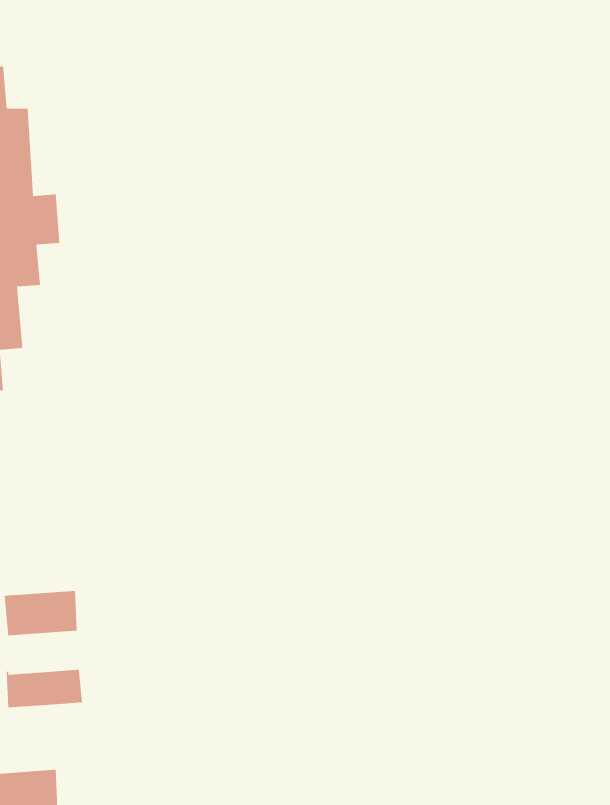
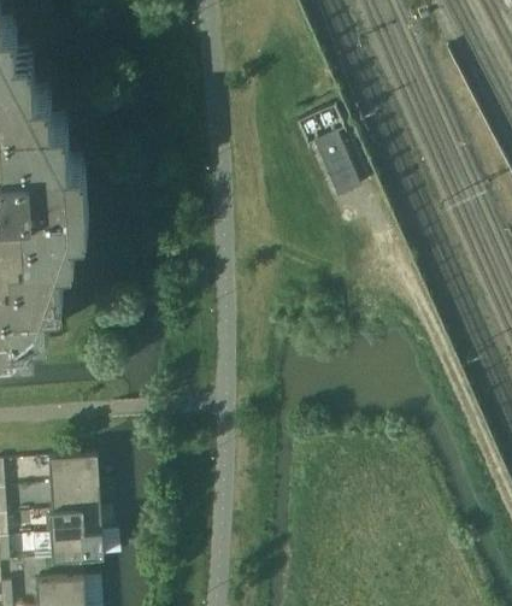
building: none -> [316,133,363,196]
building: none -> [52,482,101,512]
building: none -> [52,531,105,559]

